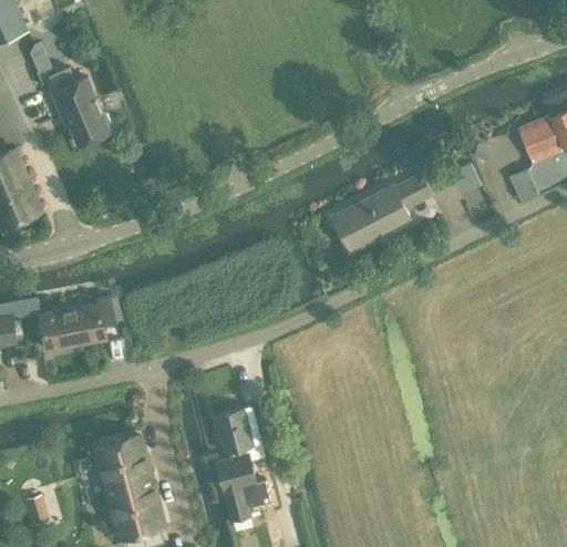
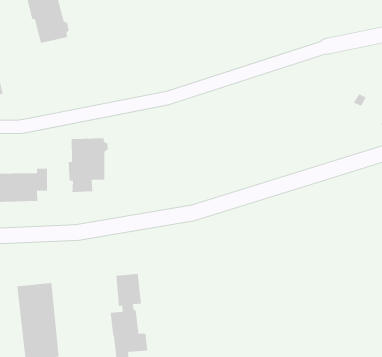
building: [334,176,429,252] -> none
building: none -> [68,137,108,193]

